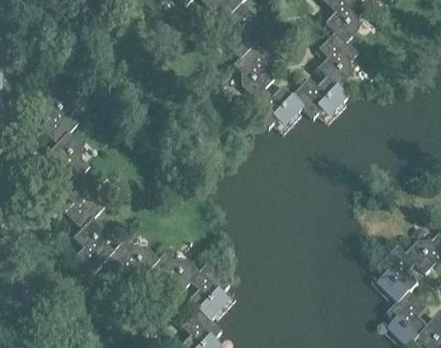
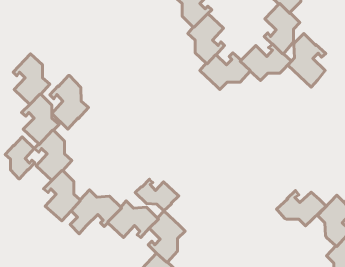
building: none -> [288,34,326,87]
building: none -> [50,76,88,129]
building: none -> [5,137,35,179]
building: none -> [135,179,179,211]
building: none -> [277,190,326,226]

